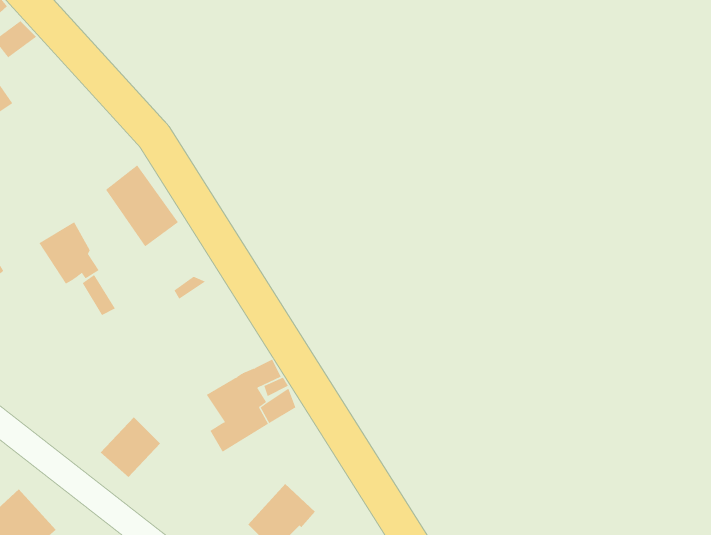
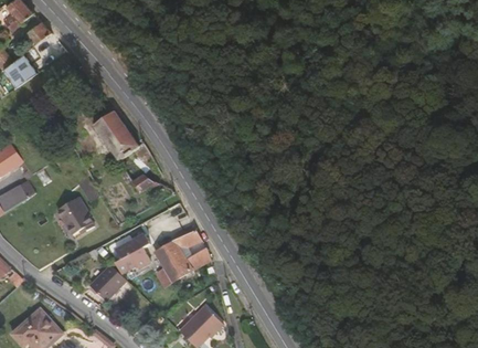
building: [38,221,100,284] -> [56,196,94,234]
building: none -> [116,233,151,273]

